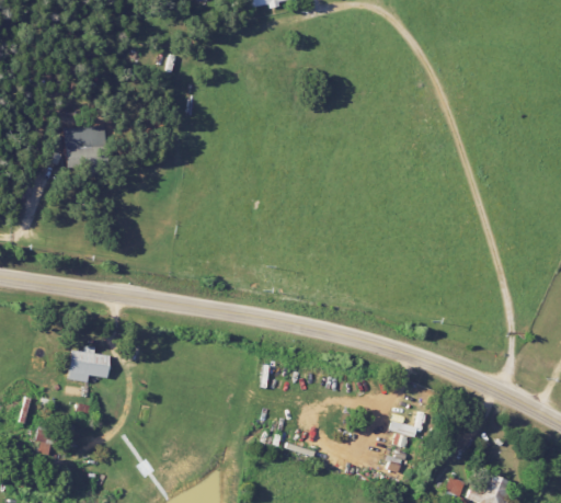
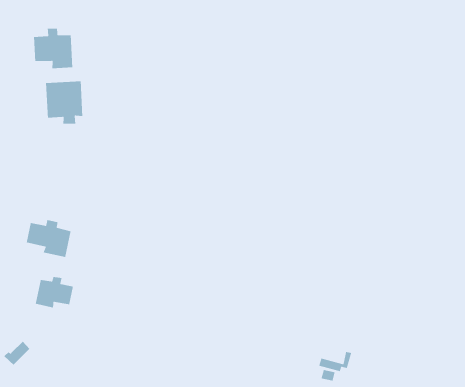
building: none -> [33,28,73,69]
building: none -> [26,219,71,258]

